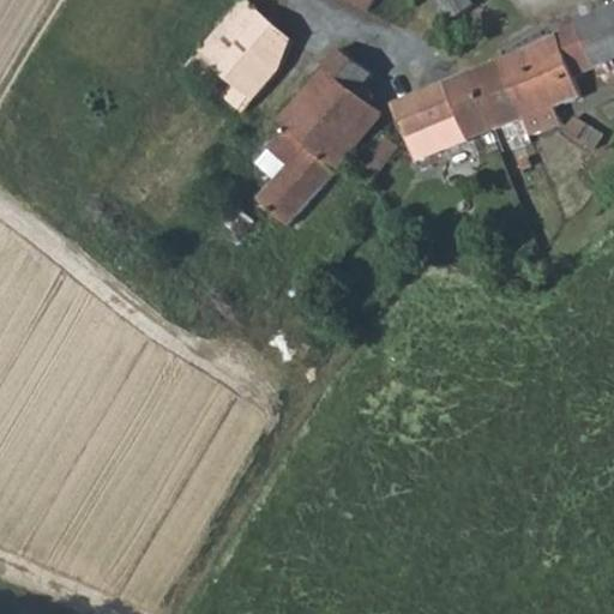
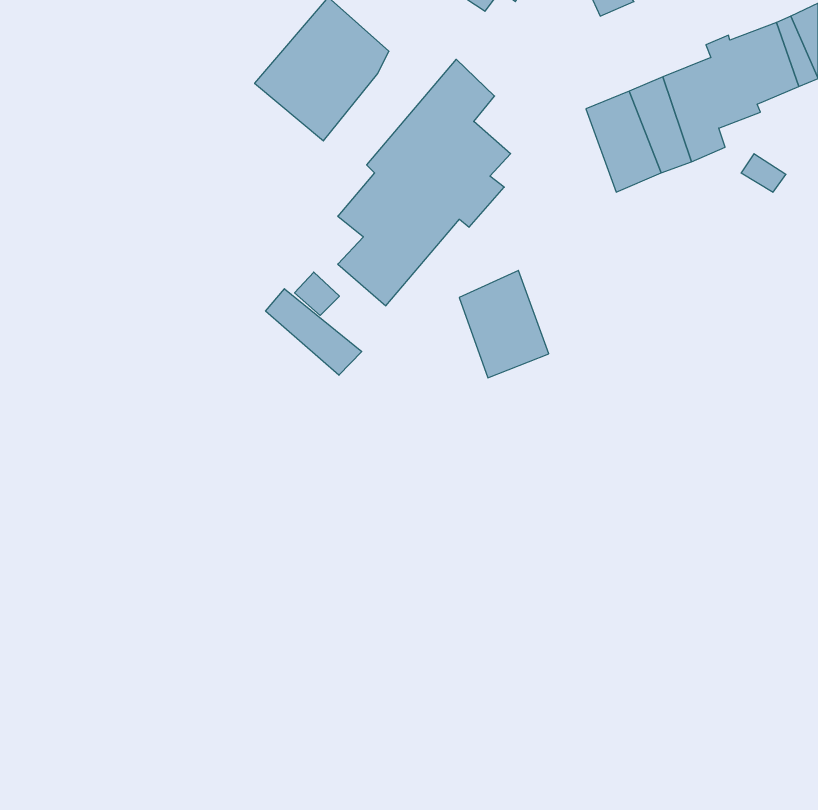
building: [395,82,462,162] -> [459,270,549,378]
building: none -> [266,289,362,375]

